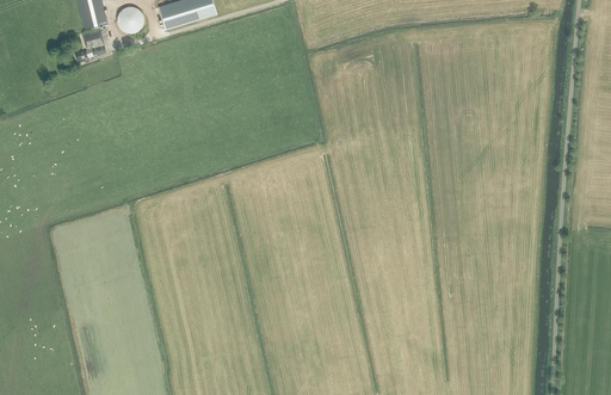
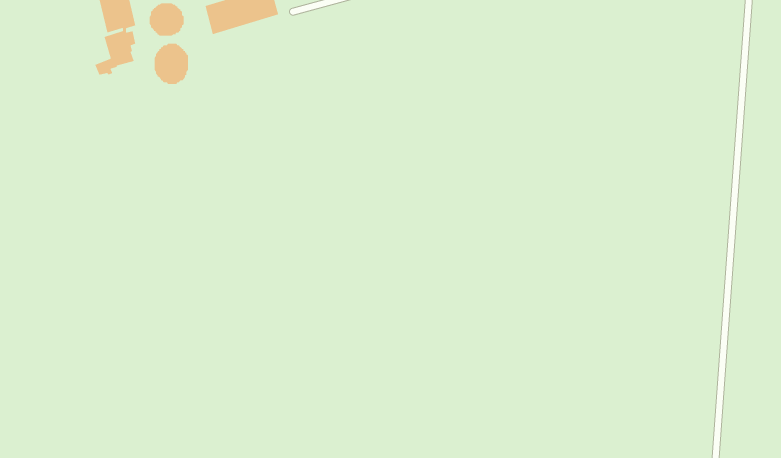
building: none -> [154,43,189,85]

